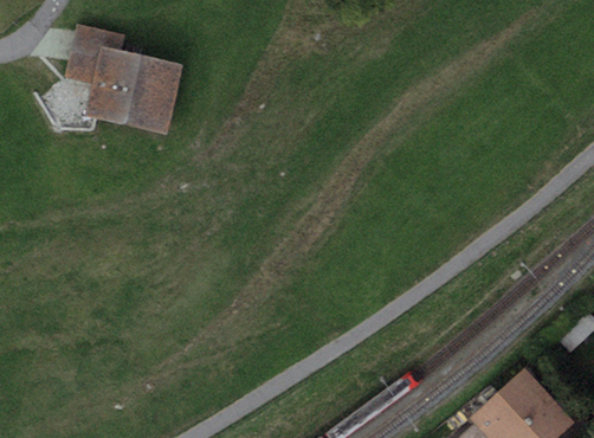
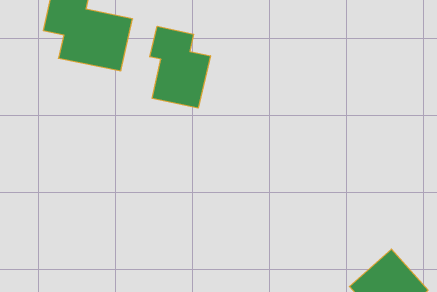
building: none -> [150,26,210,108]

